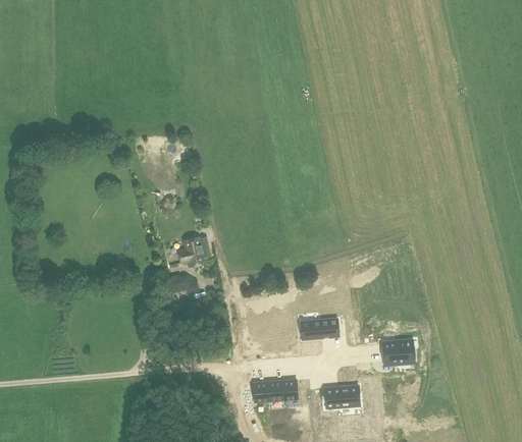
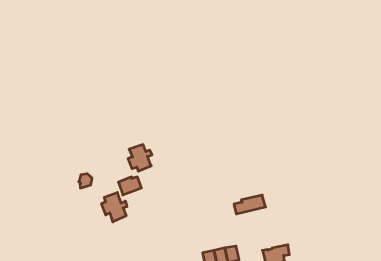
building: none -> [102,192,127,222]
building: [383,340,414,362] -> none

